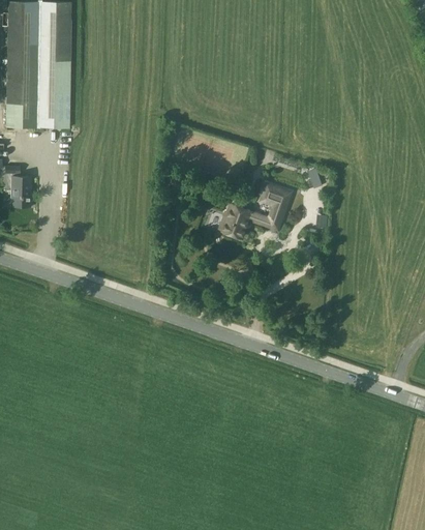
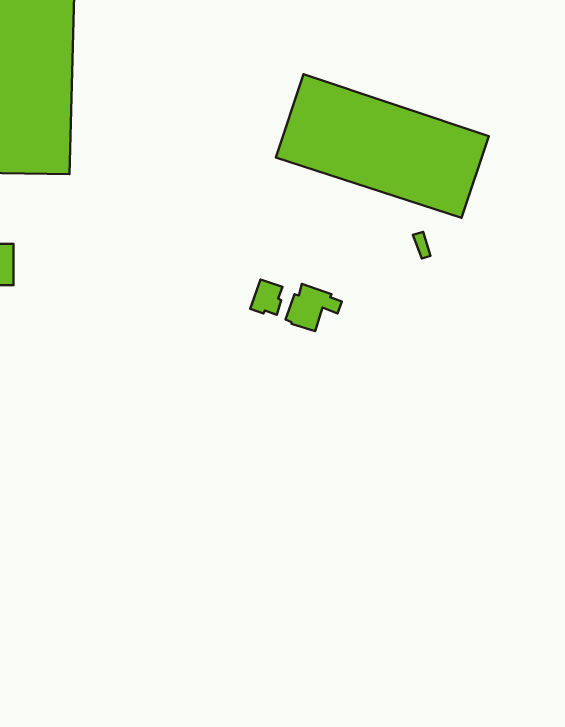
building: none -> [276,74,489,218]
building: [261,183,291,222] -> none

